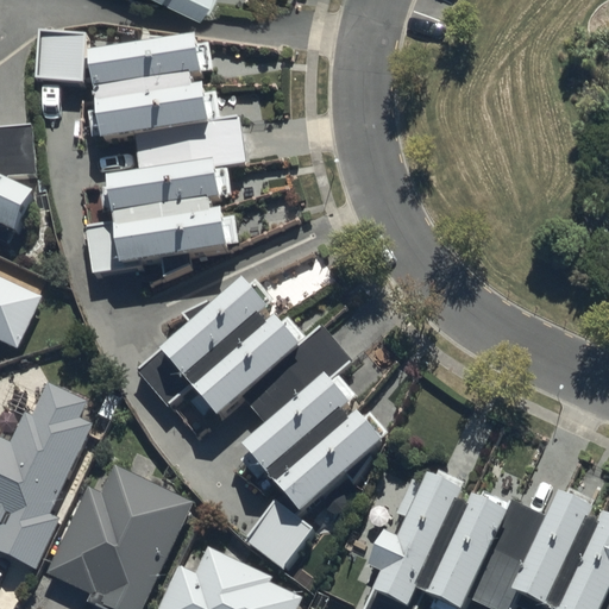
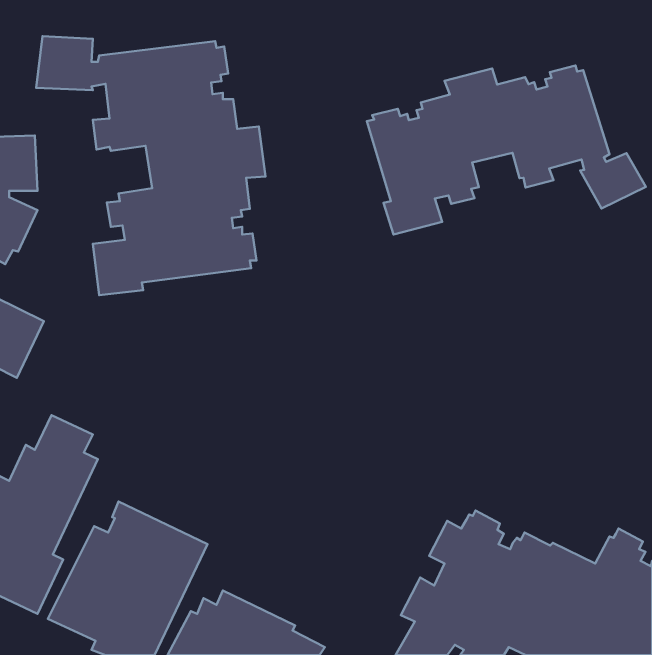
building: none -> [367,66,646,235]
building: [137,280,385,569] -> none

